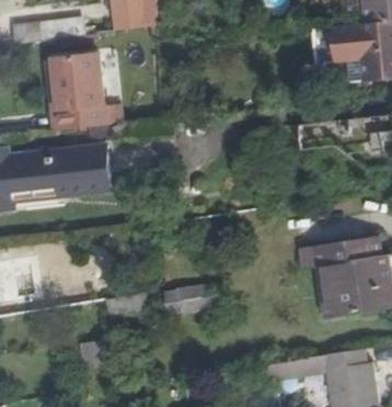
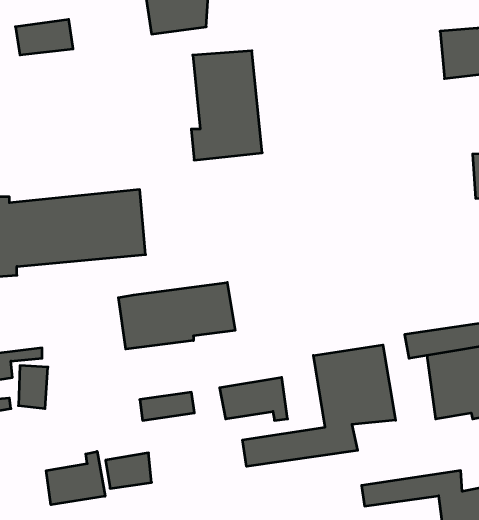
building: [53,48,105,129] -> [191,51,262,160]
building: none -> [118,282,235,349]
building: none -> [243,345,396,466]
building: none -> [46,451,105,505]

